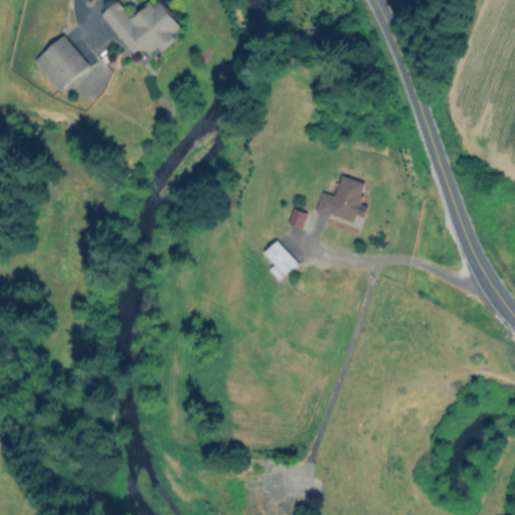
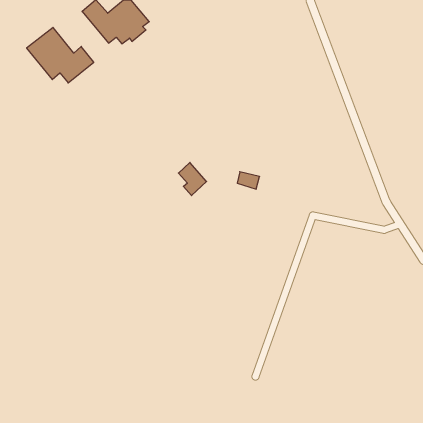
building: [316,176,365,223] -> none
building: [264,239,298,280] -> [178,162,207,196]

